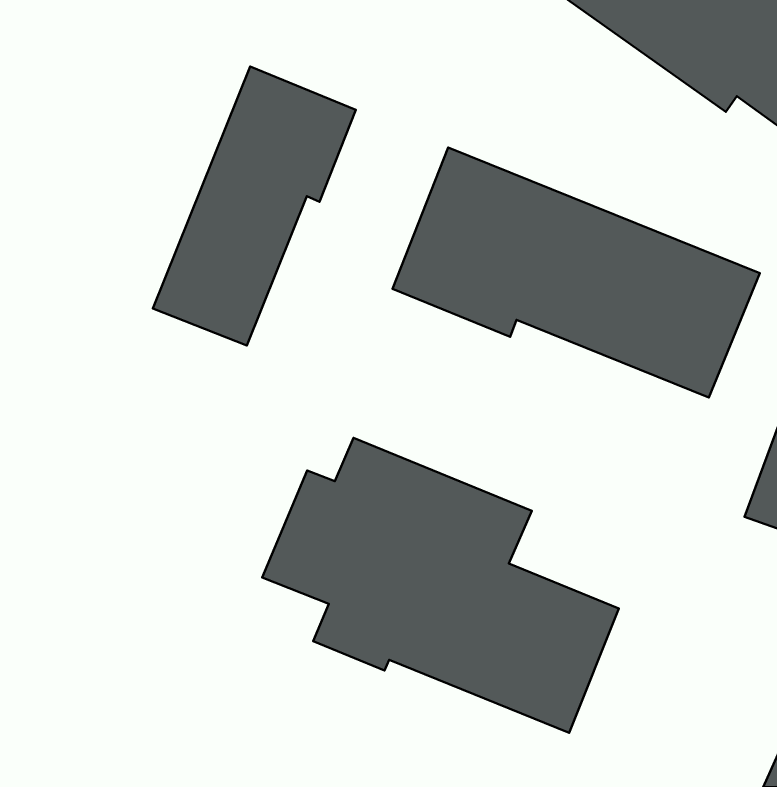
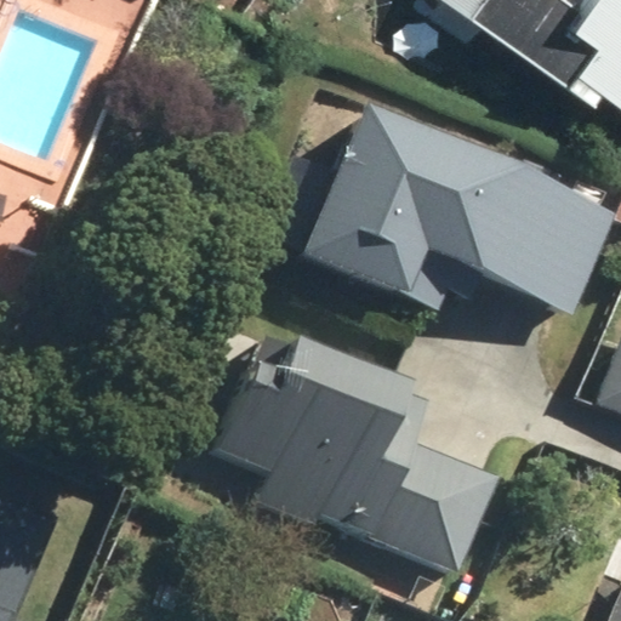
building: [153,66,356,346] -> none

